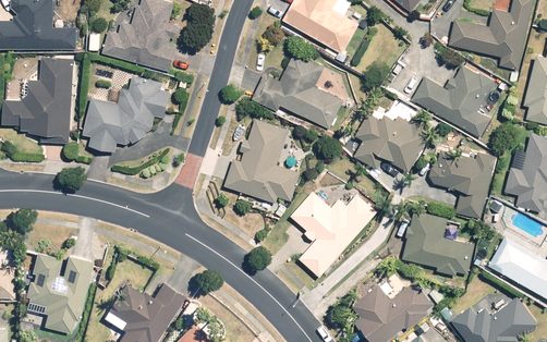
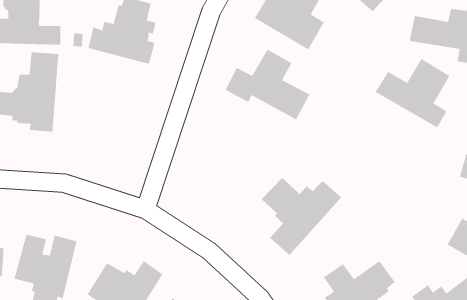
building: [84,76,171,152] -> none
building: [354,113,433,173] -> none
building: [224,119,299,204] -> none
building: [429,150,496,219] -> none
building: [403,211,474,274] -> none

